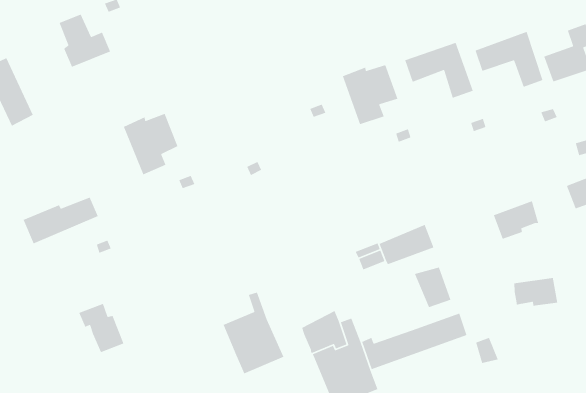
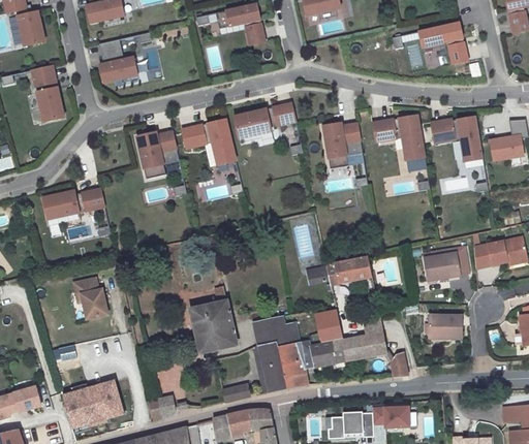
building: none -> [234,104,295,140]
building: none -> [182,119,236,165]
building: [414,267,452,308] -> [314,312,341,344]

